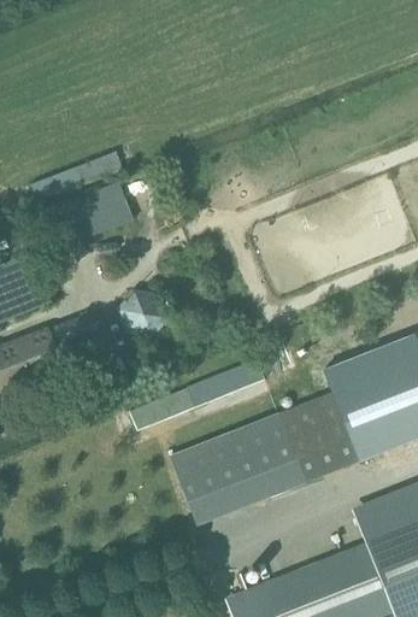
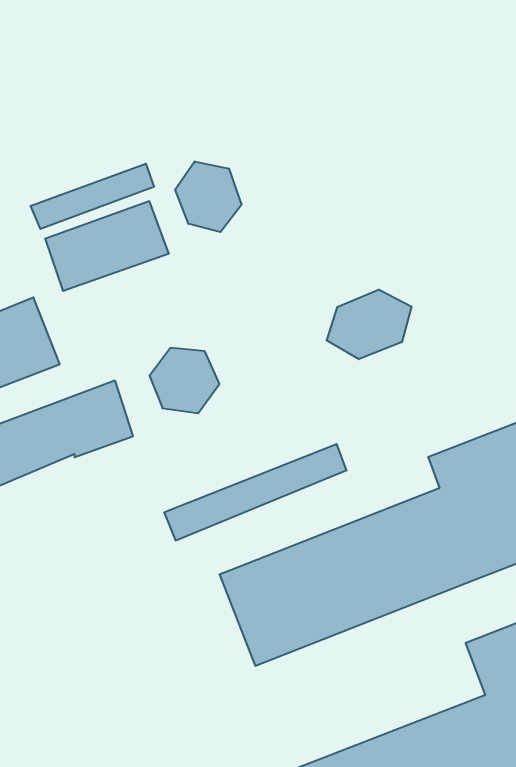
building: none -> [175,161,241,232]
building: none -> [327,290,412,359]

